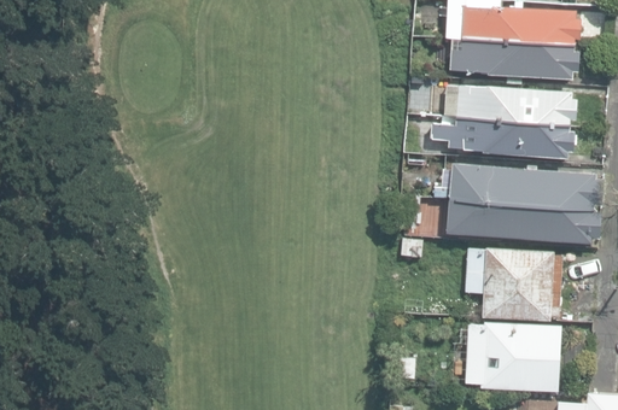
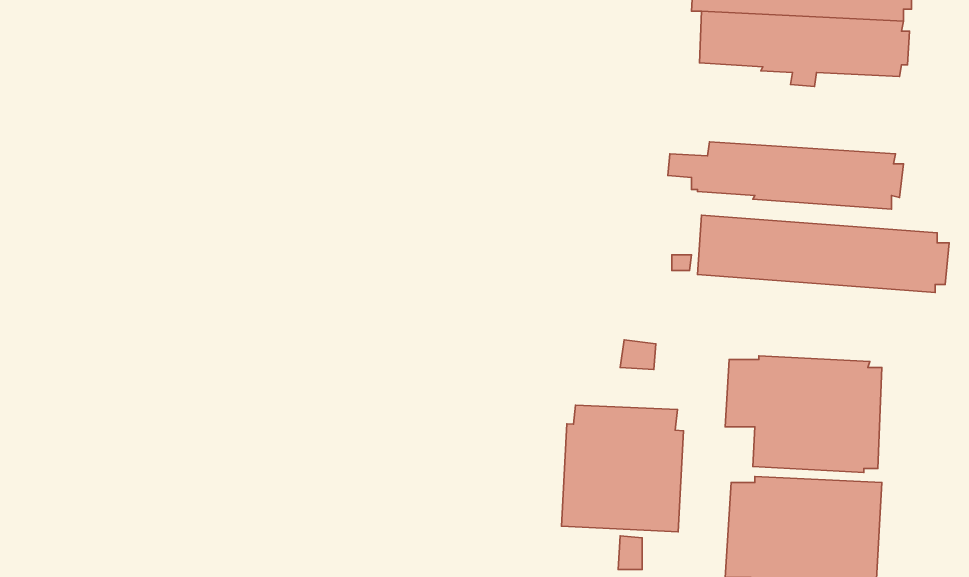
building: [443,84,578,124] -> none
building: [447,199,601,244] -> none
building: none -> [561,405,684,532]

